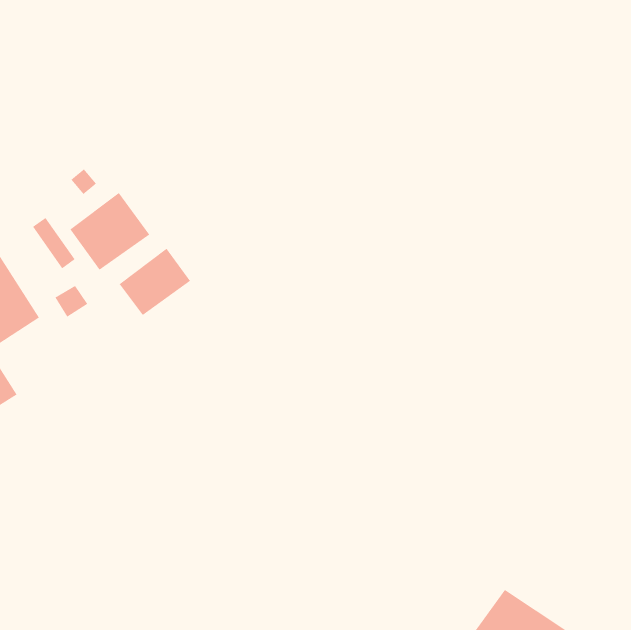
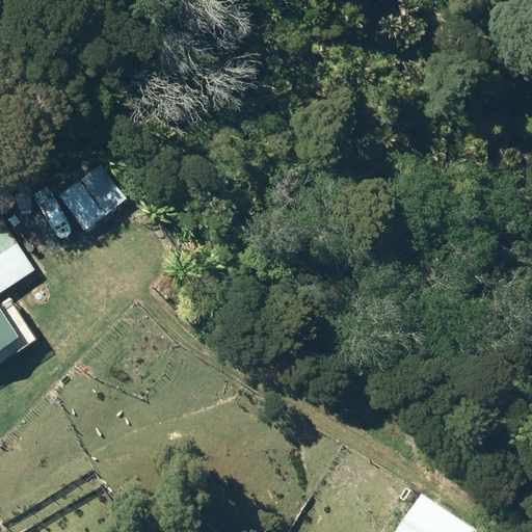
building: [119,248,191,316] -> none

